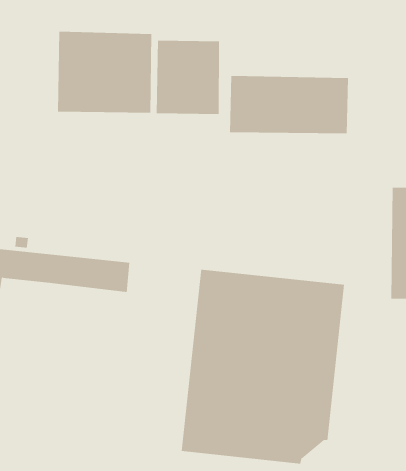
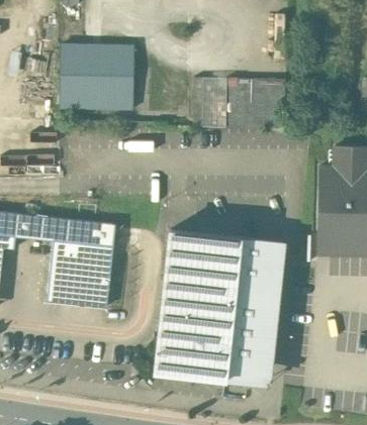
building: [156,40,220,115] -> none
building: none -> [47,240,113,307]

